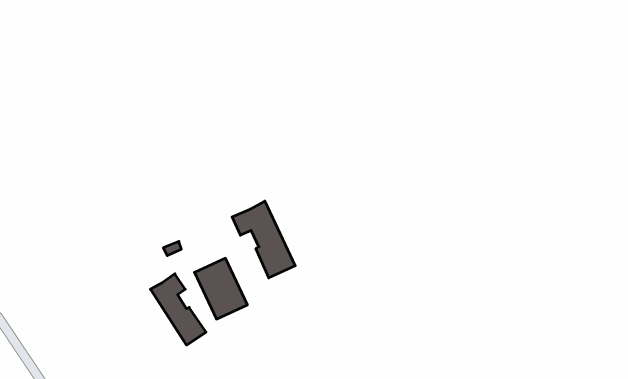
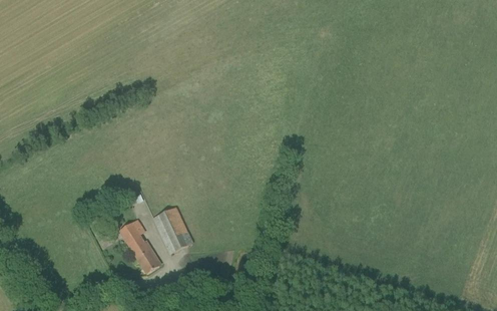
building: [232,201,295,278] -> none

